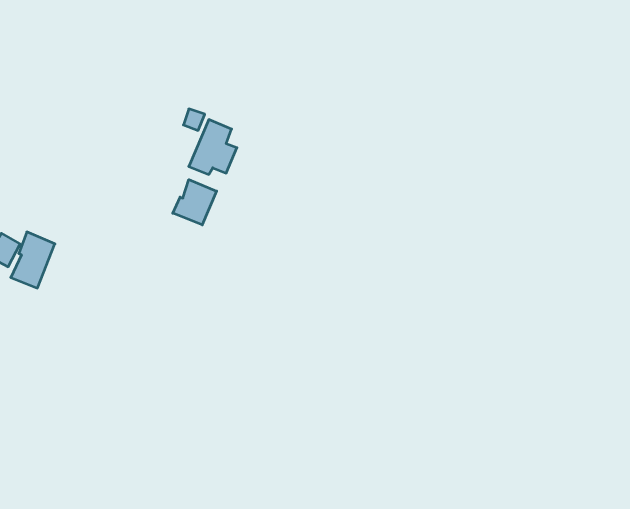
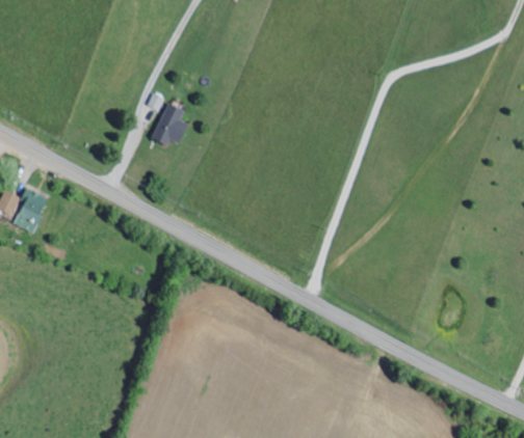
building: [173,180,217,225] -> none

